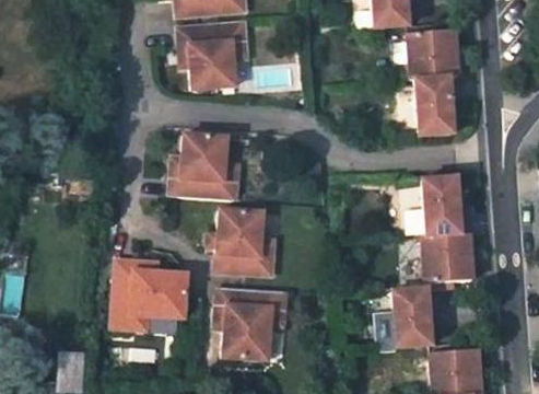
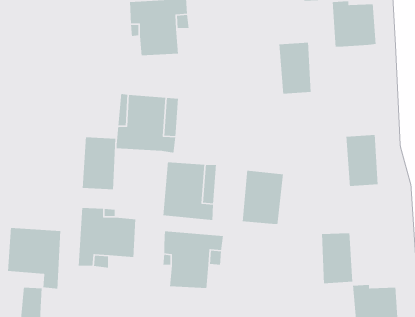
building: [414,78,452,137] -> [279,42,312,94]
building: none -> [82,136,116,190]
building: none -> [242,170,284,225]
building: [422,233,472,288] -> none
building: none -> [7,227,61,289]

